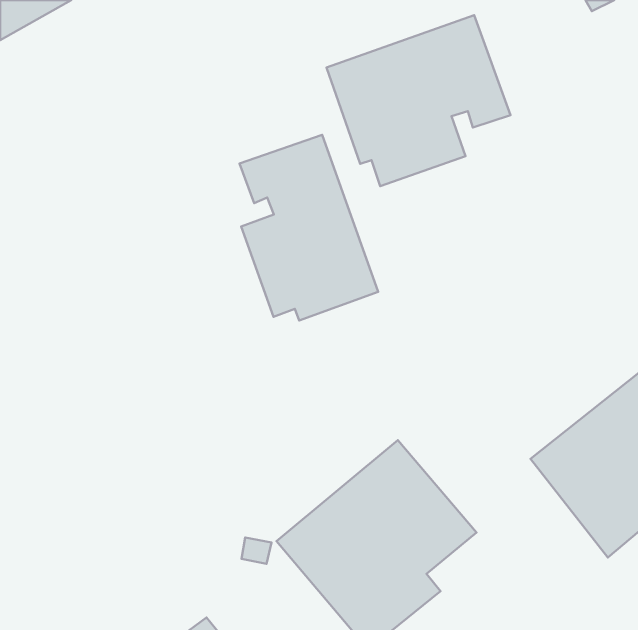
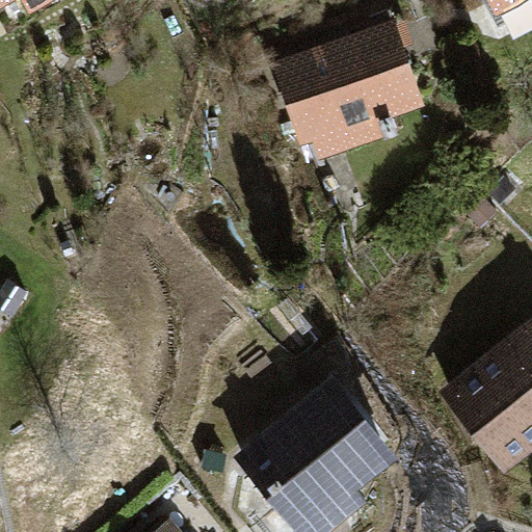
building: [239,135,378,321] -> none

